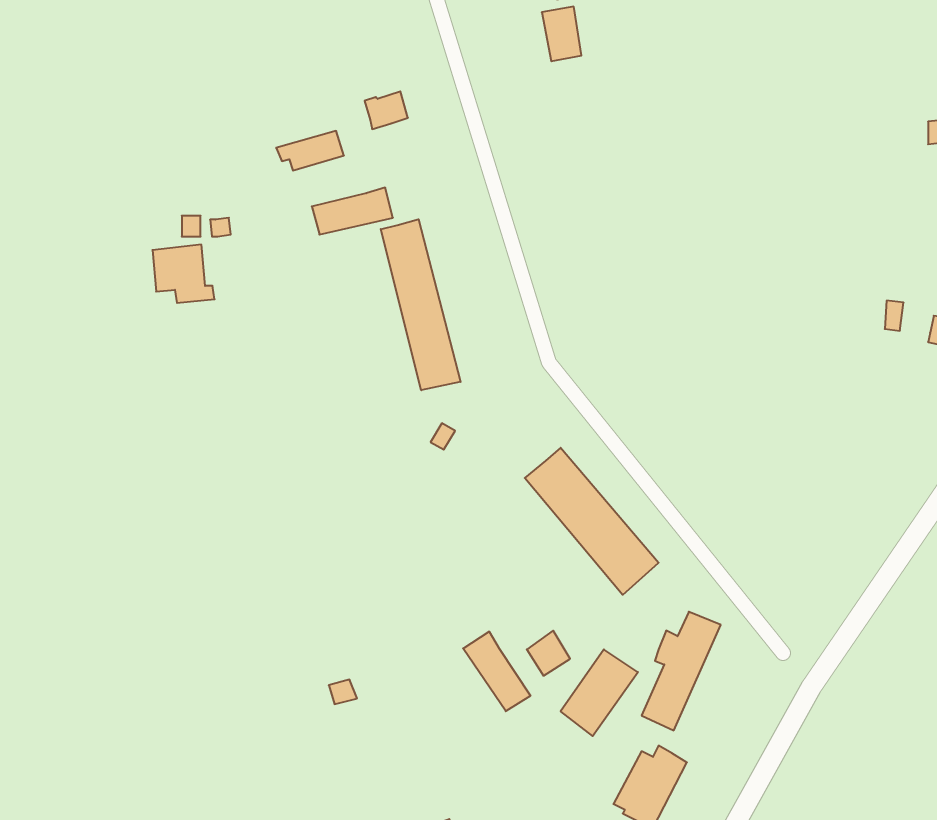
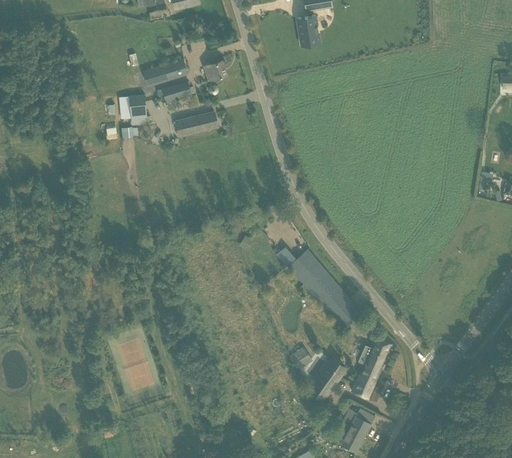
building: none -> [142,58,188,87]
building: [381,219,461,390] -> none
building: [152,245,215,303] -> [119,94,152,125]
building: [463,631,530,711] -> none

